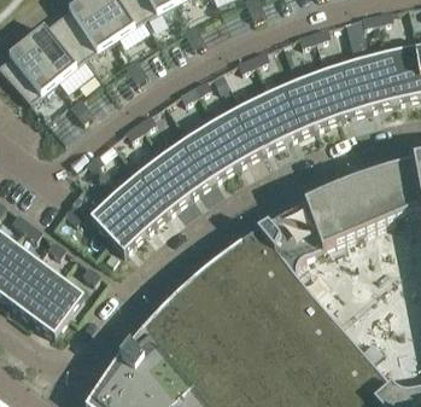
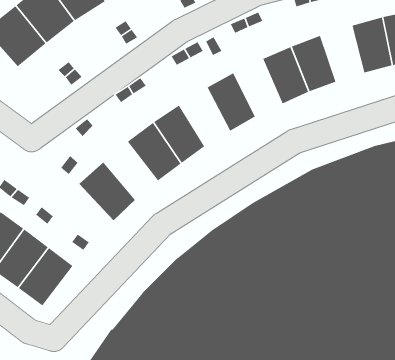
building: [324,59,367,115] -> none
building: [240,92,287,149] -> none
building: [187,120,236,178] -> none
building: [113,173,166,229] -> none

